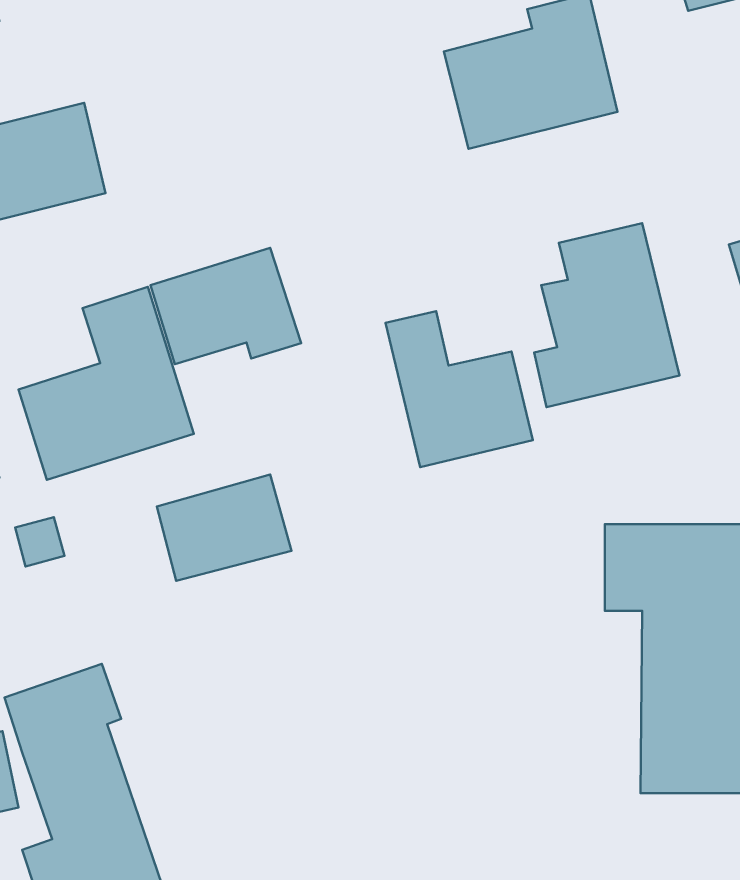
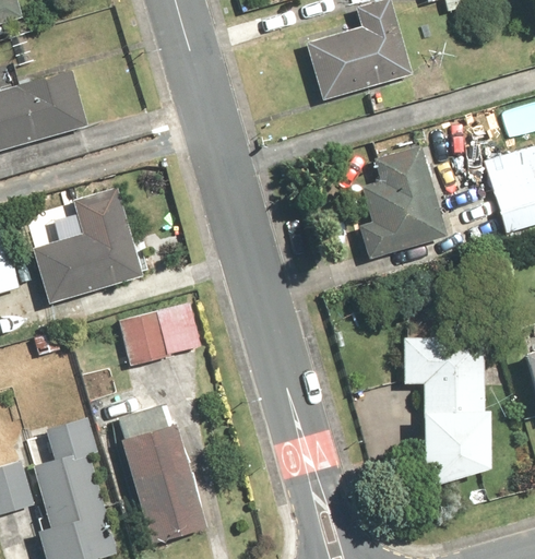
building: [151,248,301,364] -> none
building: [386,311,533,467] -> none
building: none -> [121,405,211,540]

